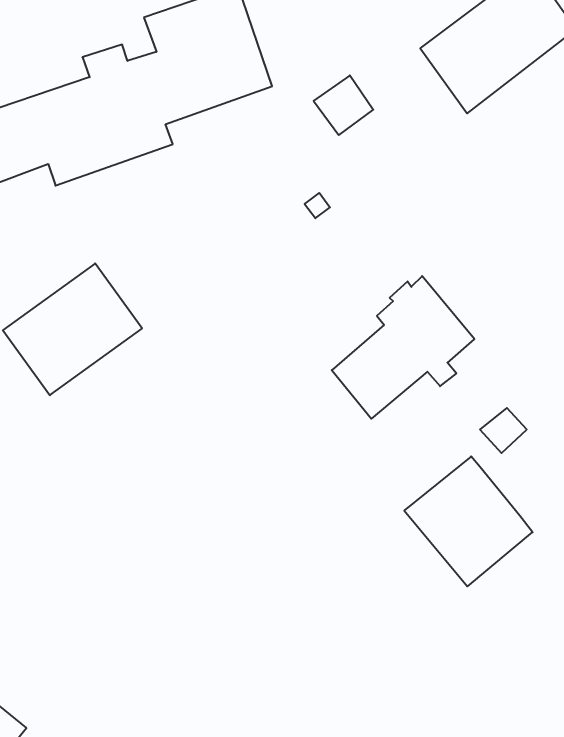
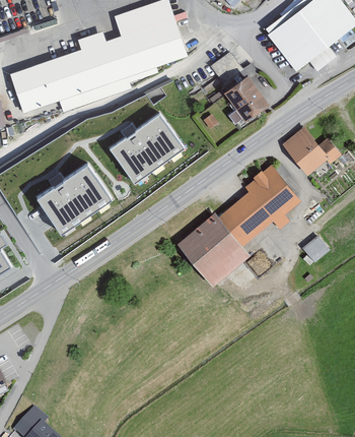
building: none -> [226,78,269,122]
building: none -> [105,105,185,180]
building: none -> [283,127,343,176]
building: [404,456,533,586] -> [175,210,247,284]

